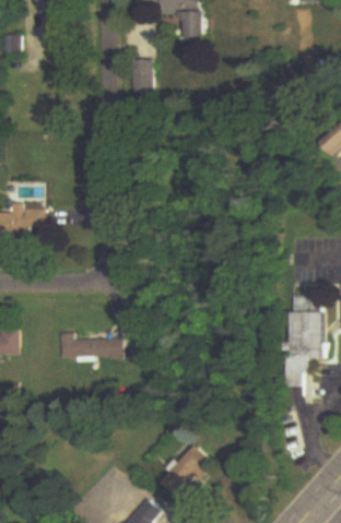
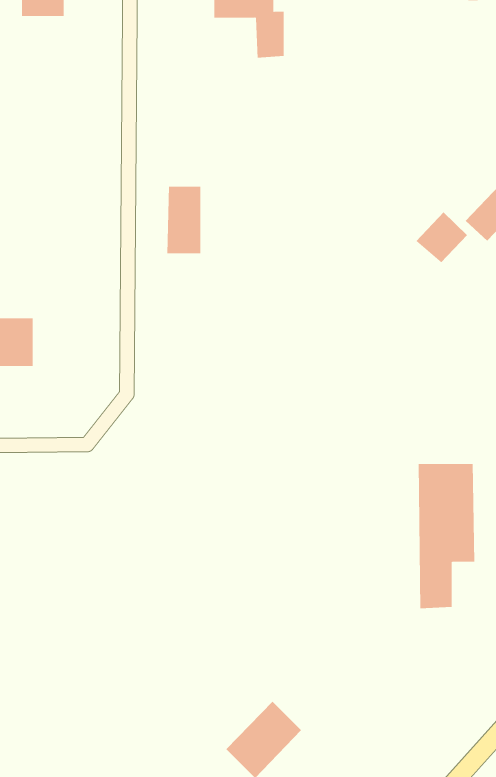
building: [128,59,150,102] -> [167,186,201,254]
building: none -> [415,212,468,263]
building: [58,333,127,360] -> none

